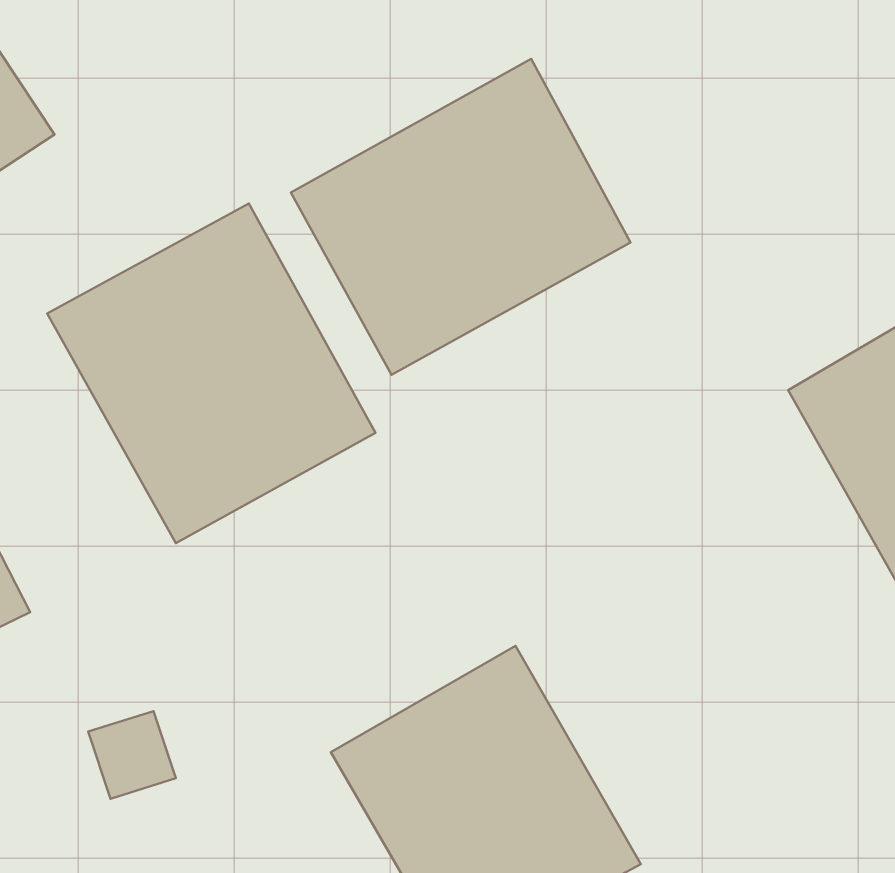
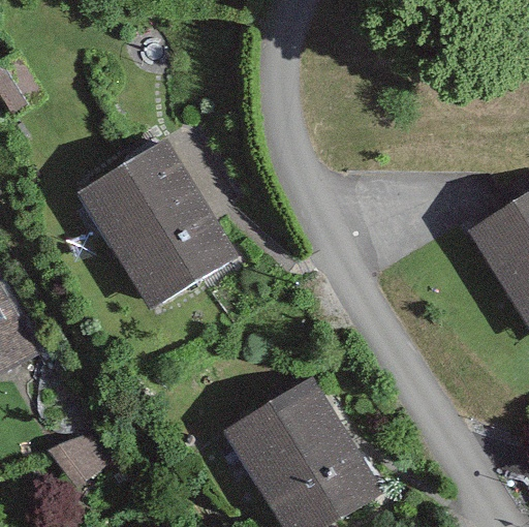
building: [291,59,630,375] -> none

